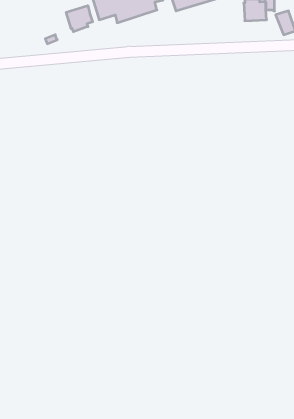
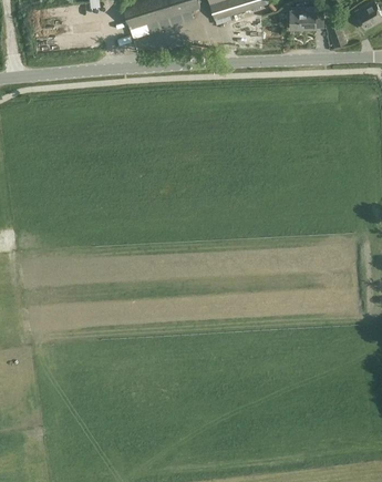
building: [66,6,93,32] -> none

